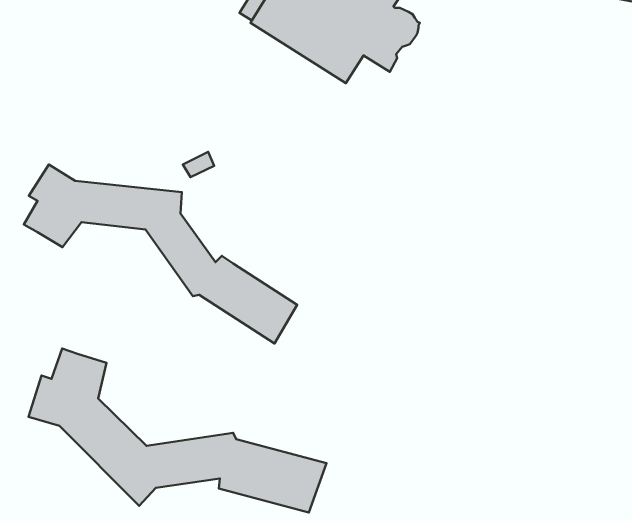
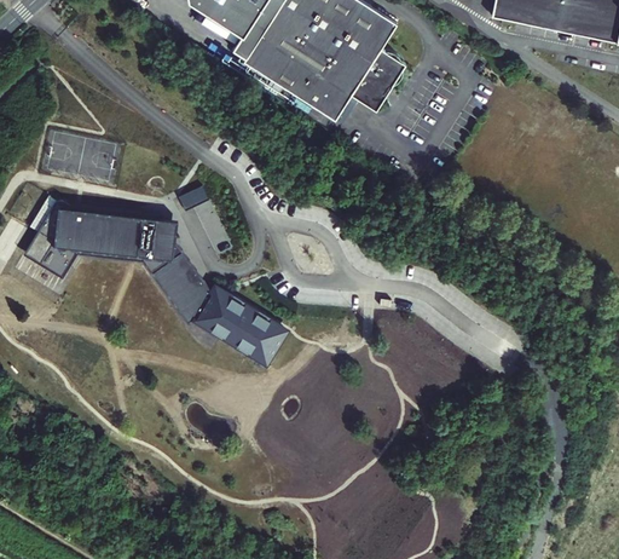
building: [29,348,326,513] -> none

